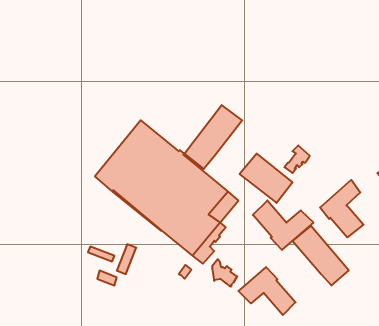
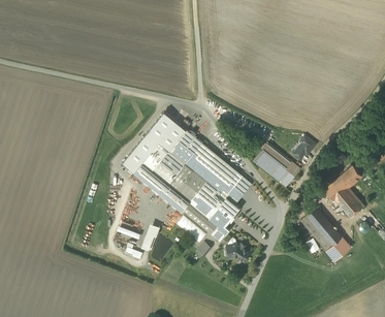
building: [184,105,242,169] -> none
building: [253,200,313,250] -> none
building: [238,267,296,315] -> none

